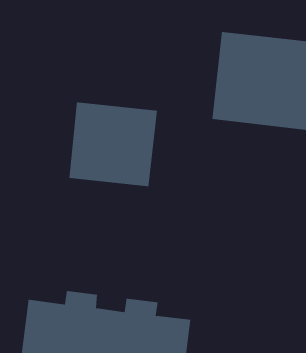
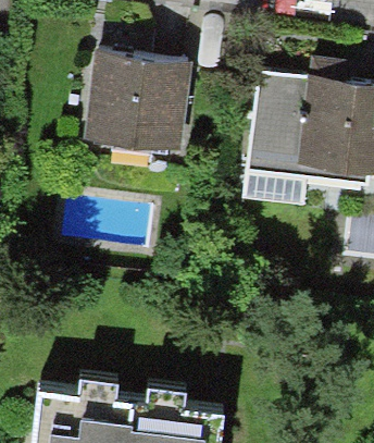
building: [68,102,158,187] -> [87,56,188,151]

